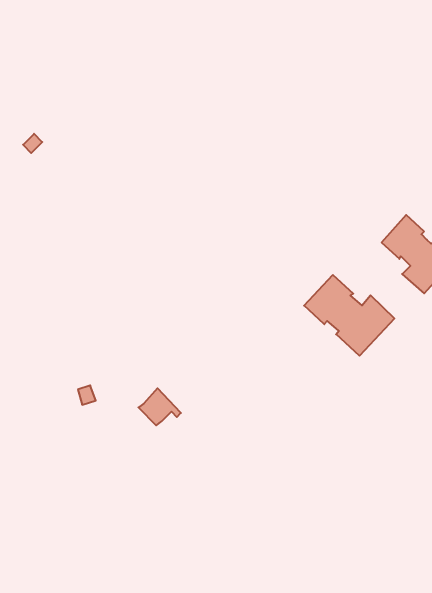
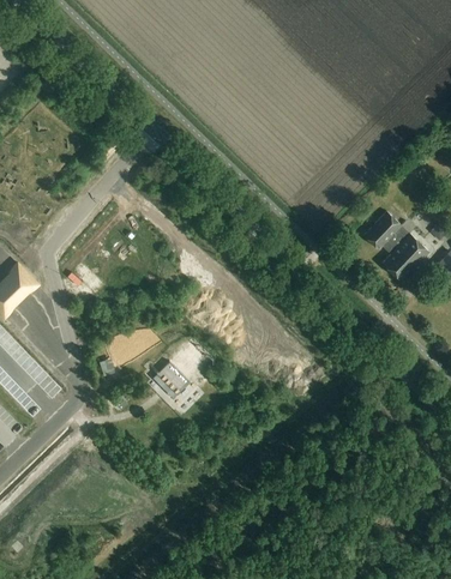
building: [304,275,394,356] -> none

